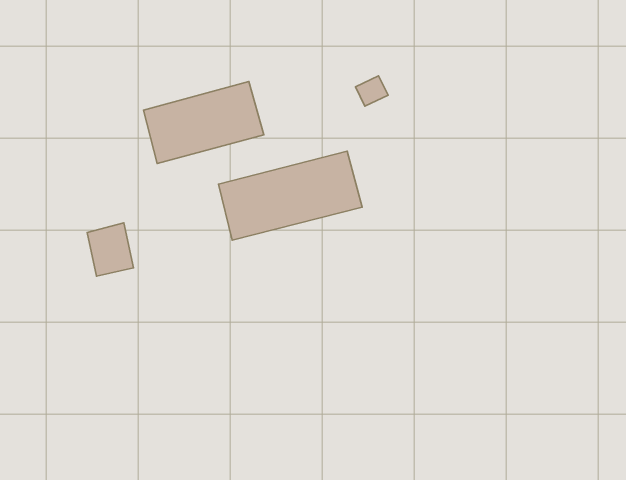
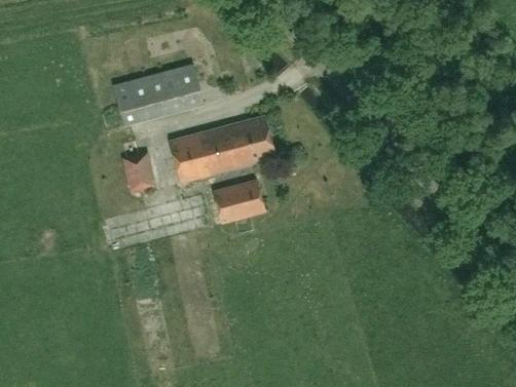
building: [87,223,134,276] -> [121,151,156,191]
building: none -> [213,180,265,224]

